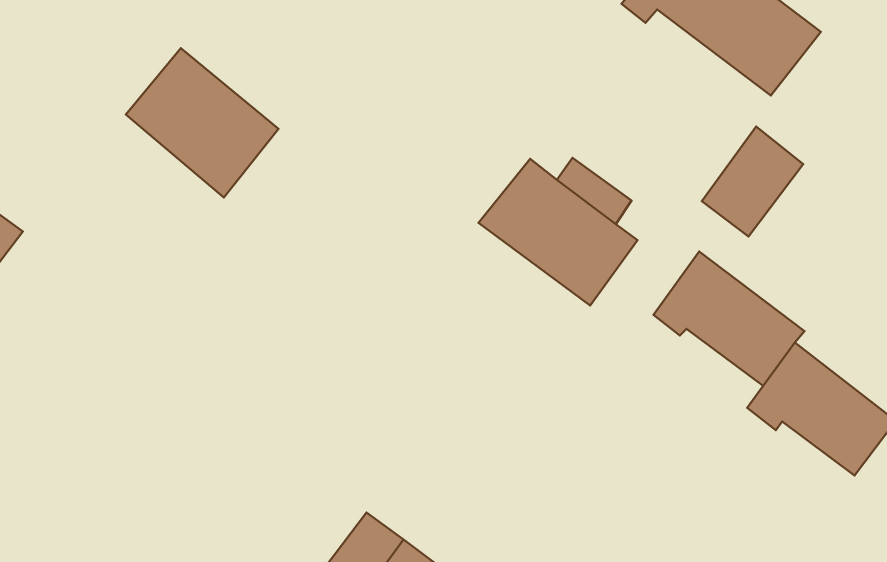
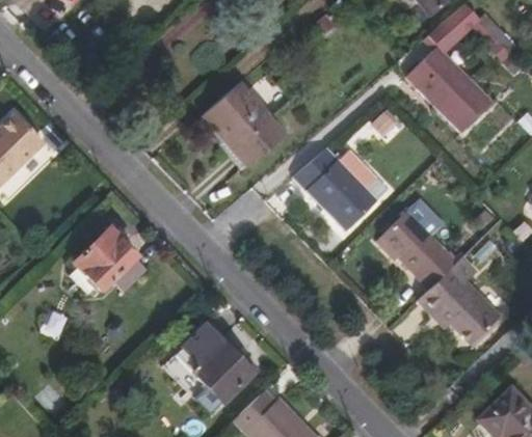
building: [126,48,279,197] -> [205,82,286,166]
building: [702,127,803,236] -> none
building: none -> [74,227,136,290]

